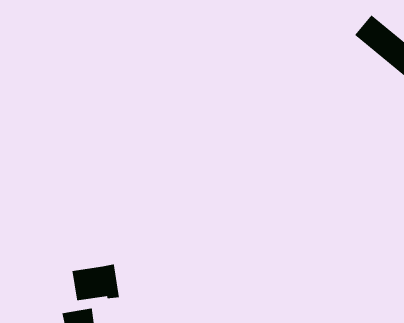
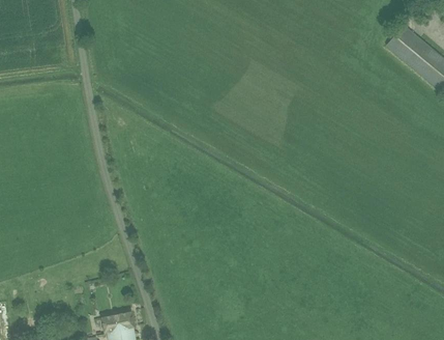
building: [72,264,119,301] -> none

